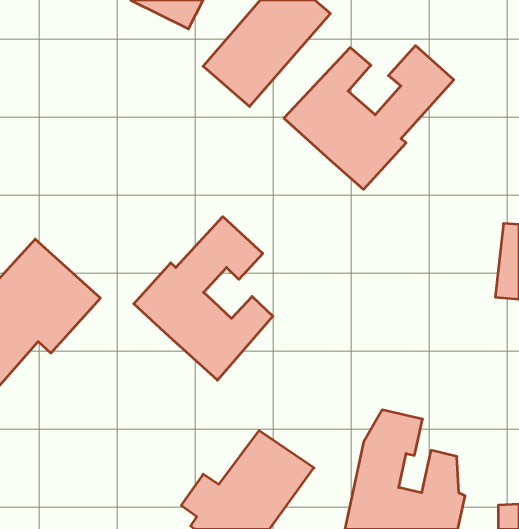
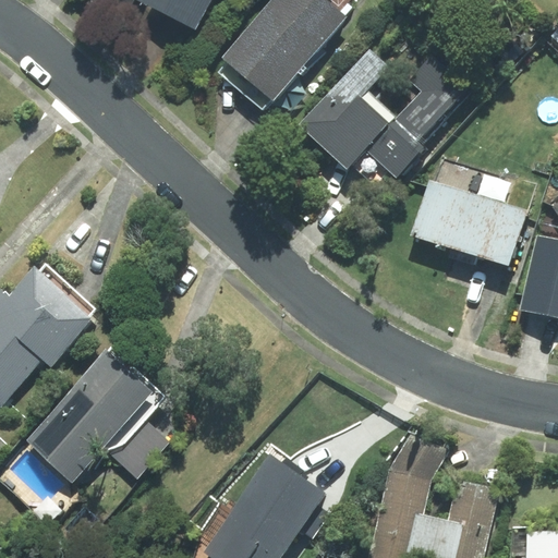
building: none -> [412,158,537,263]
building: [134,217,273,380] -> none
building: none -> [28,347,172,483]

